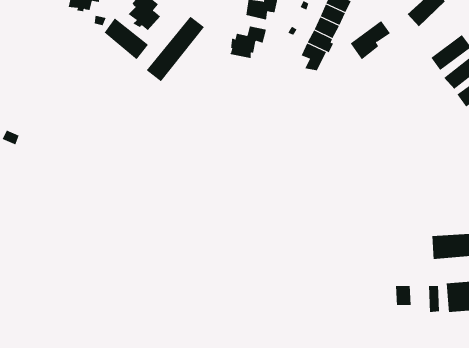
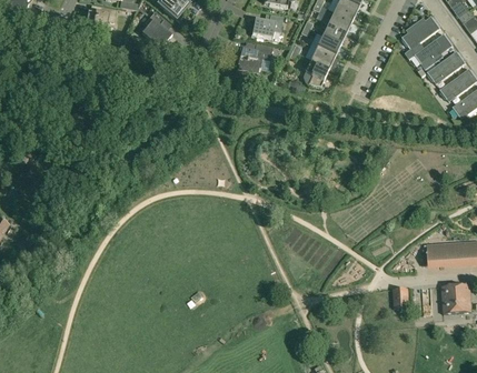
building: [146,16,205,82] -> none
building: [104,17,149,60] -> none
building: [350,20,391,60] -> [414,33,453,71]

